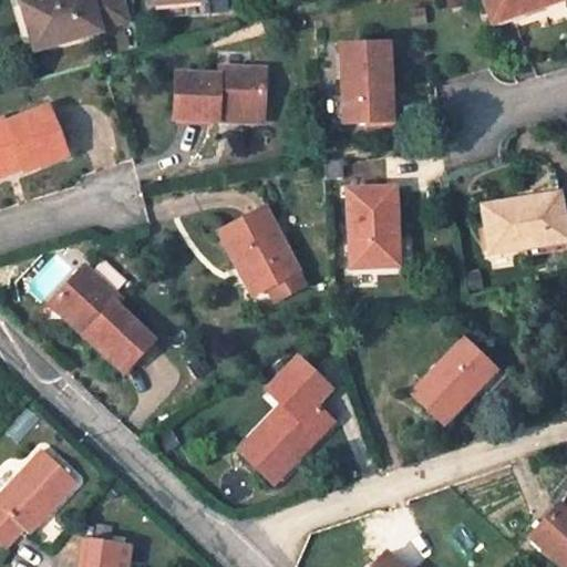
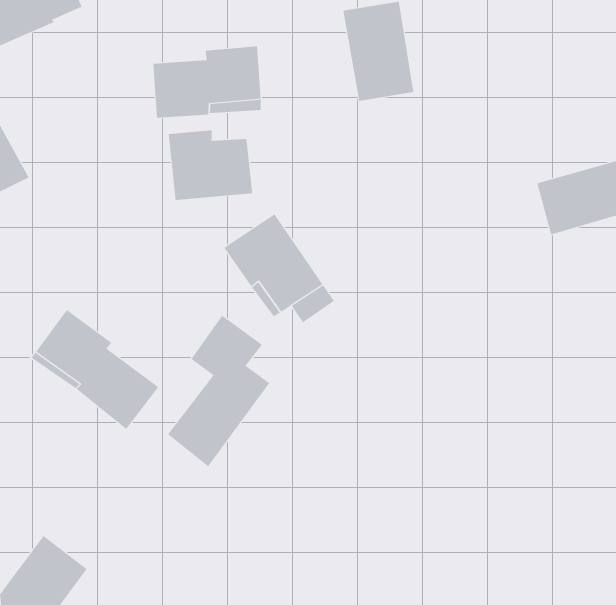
building: none -> [168,130,253,201]
building: [348,188,398,266] -> none
building: [413,339,495,423] -> none
building: [241,358,331,482] -> [167,315,270,467]

